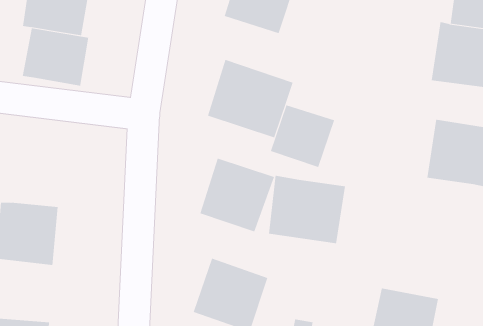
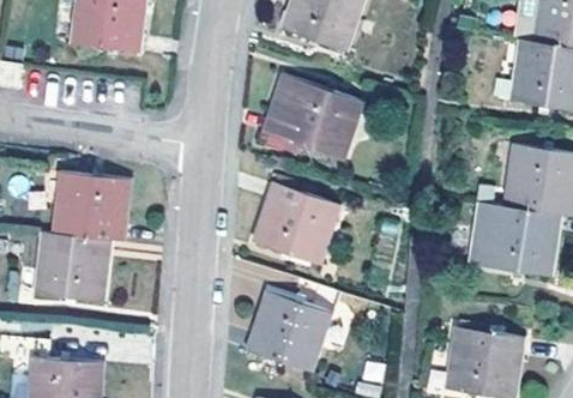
building: [22,28,89,87] -> none
building: [270,105,335,168] -> none
building: none -> [56,170,126,239]
building: [268,175,346,244] -> [472,201,556,276]

